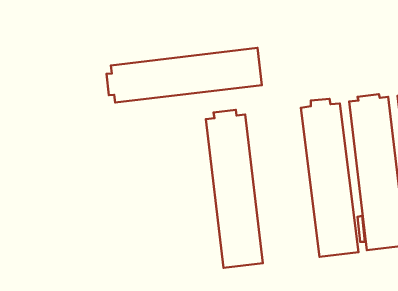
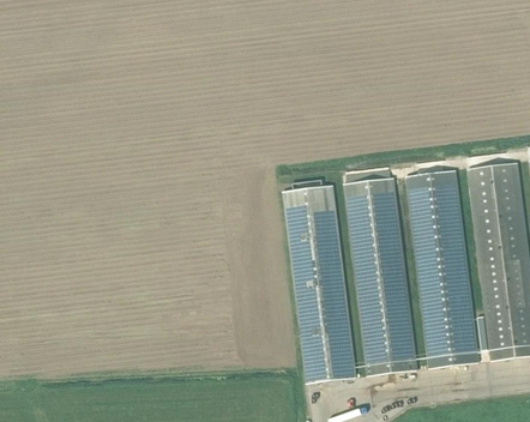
building: [106,48,262,103] -> none
building: none -> [343,168,416,375]

